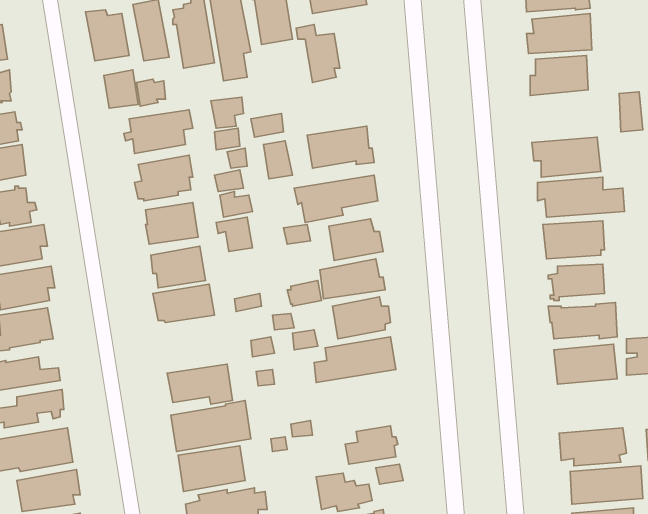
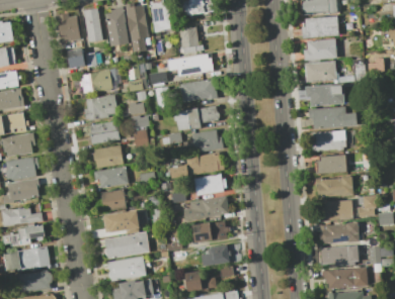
building: none -> [167,54,213,76]
building: none -> [304,61,336,82]
building: none -> [97,188,127,211]
building: none -> [192,220,228,242]
building: none -> [319,221,359,242]

